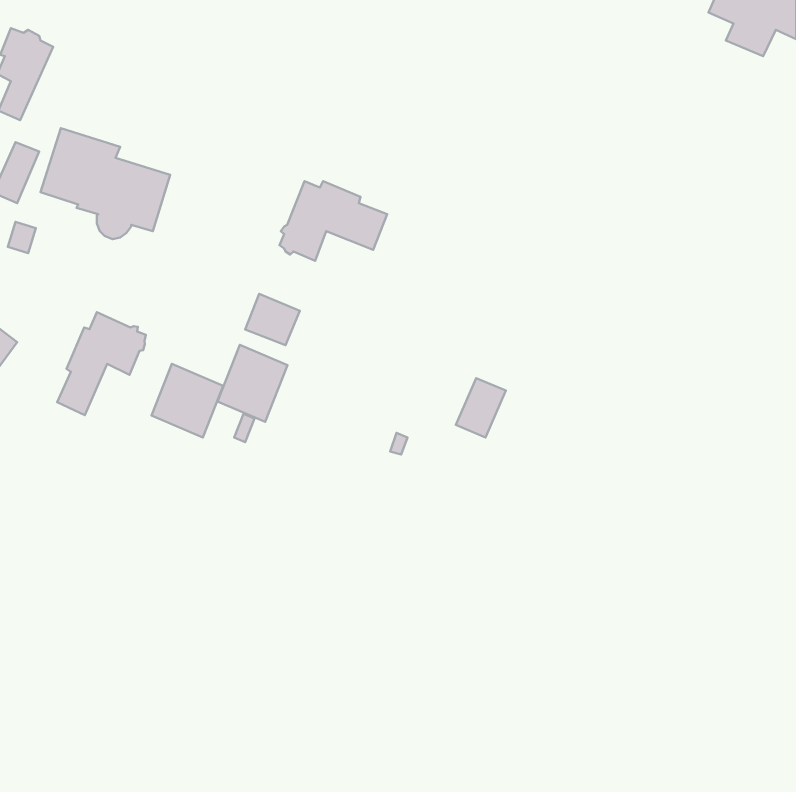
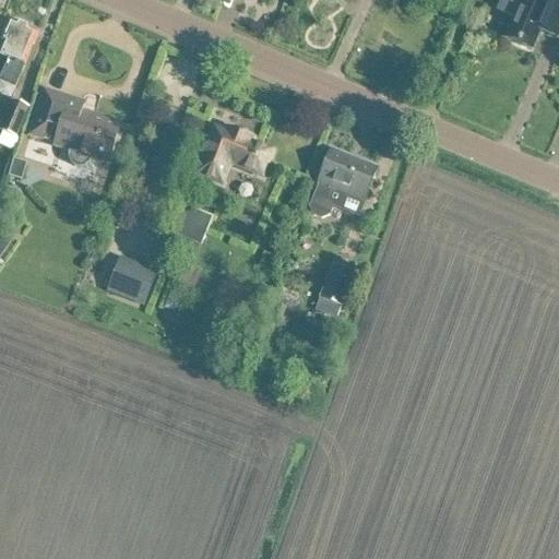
building: none -> [308,148,376,217]
building: [57,312,146,415] -> none
building: [218,345,287,422] -> none

